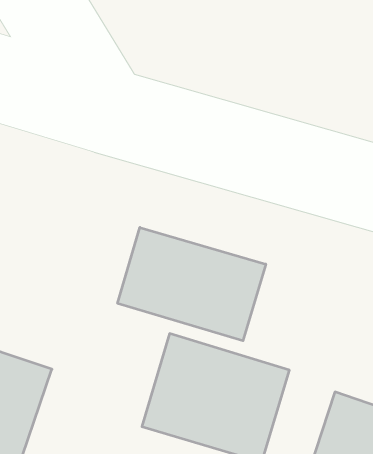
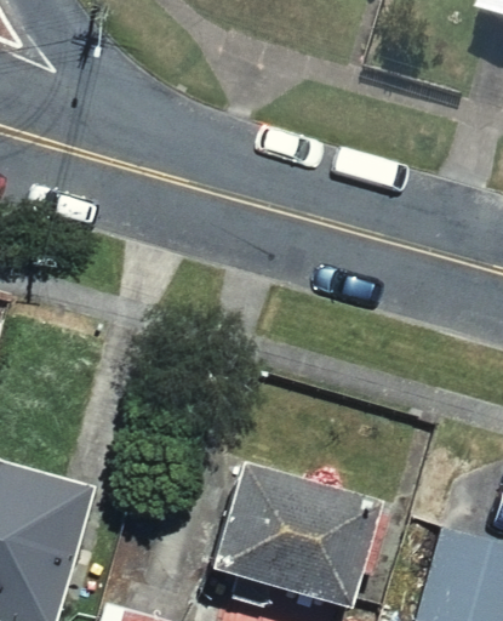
building: [118,227,266,341] -> none

